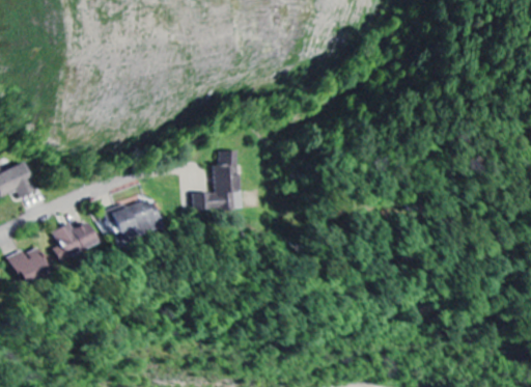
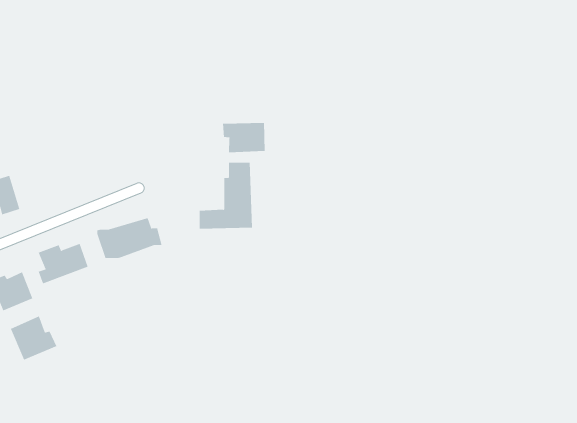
building: none -> [223,122,265,153]
building: none -> [10,316,57,360]

